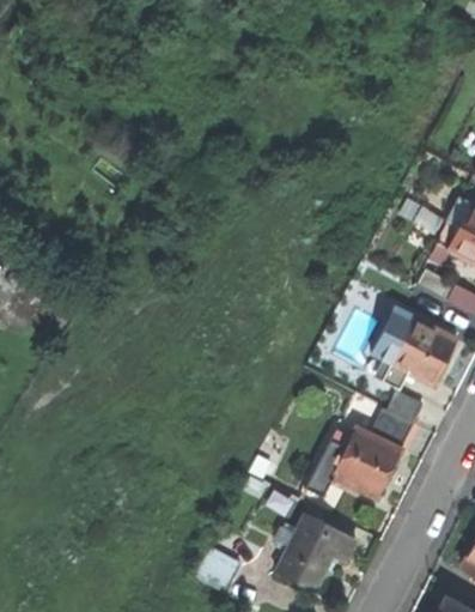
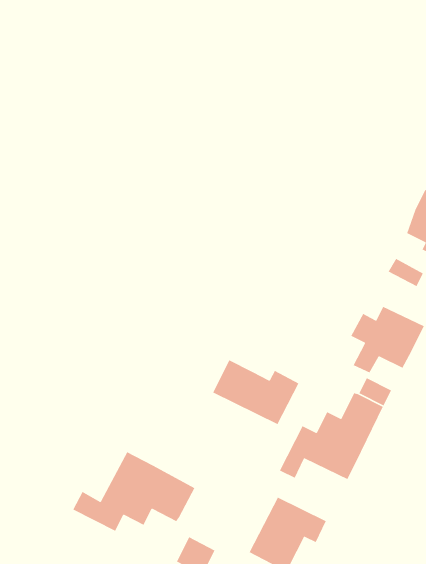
building: none -> [212,359,300,425]
building: none -> [72,451,195,532]

